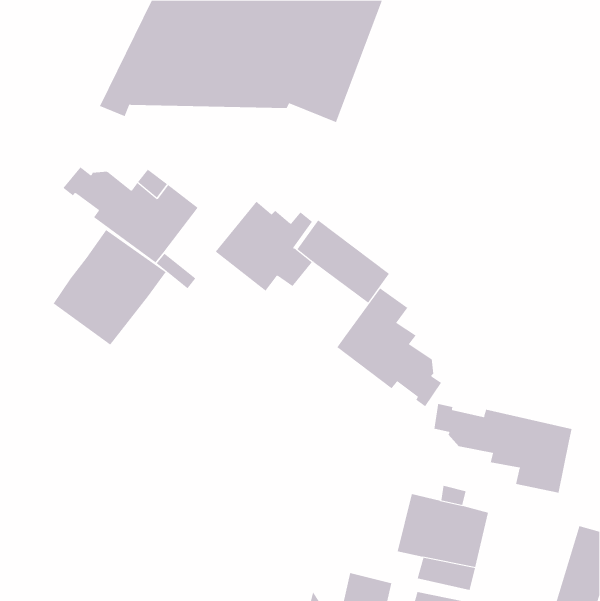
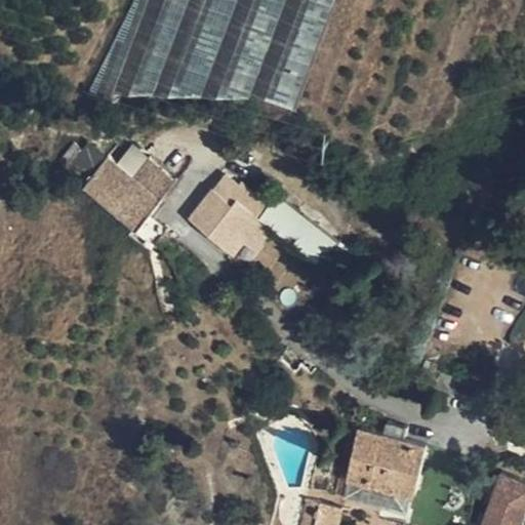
building: [53,229,166,346] -> none
building: [336,287,442,407] -> none
building: [434,403,572,494] -> none

